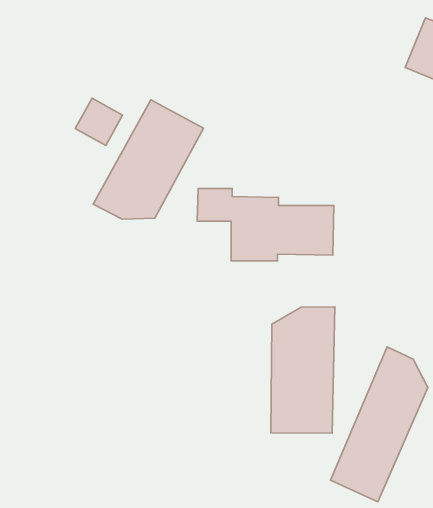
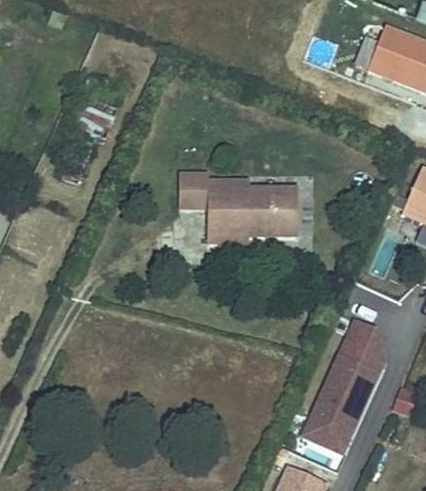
building: [93,100,203,219] -> none
building: [271,307,335,433] -> none

